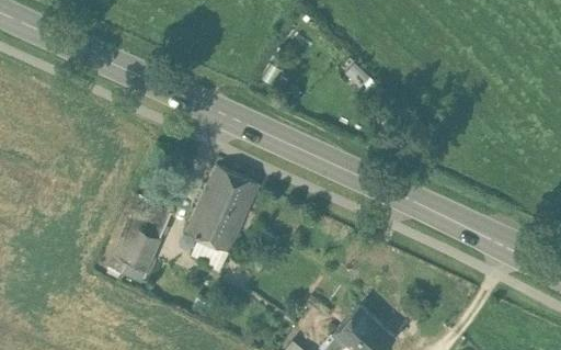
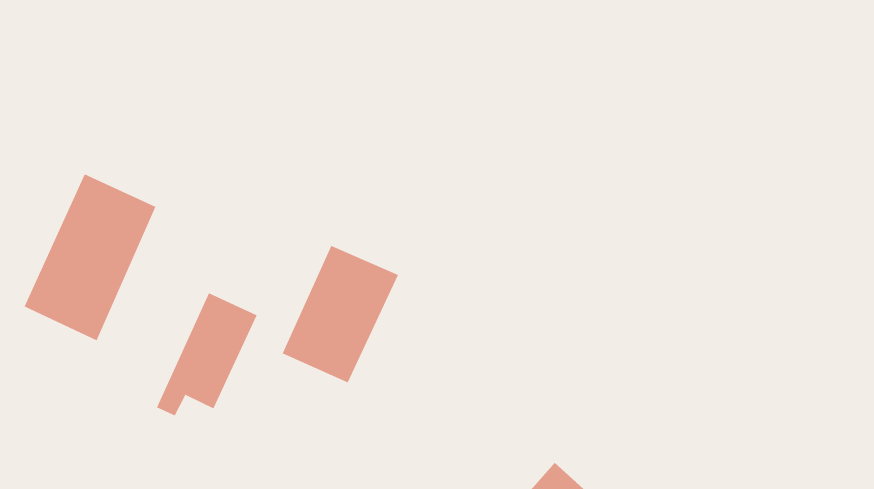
building: none -> [24,173,156,341]

